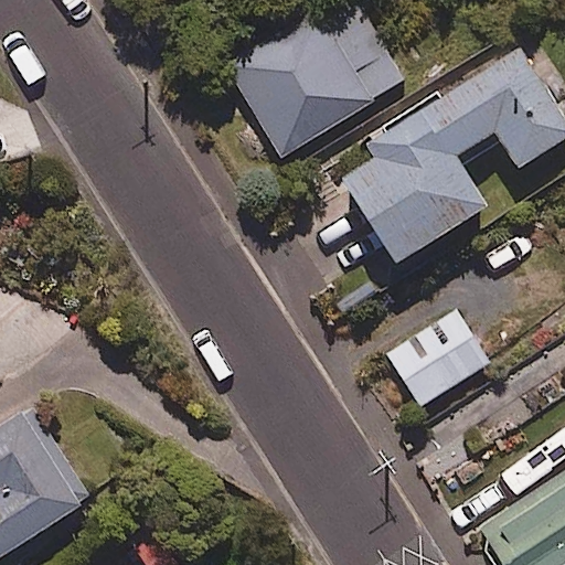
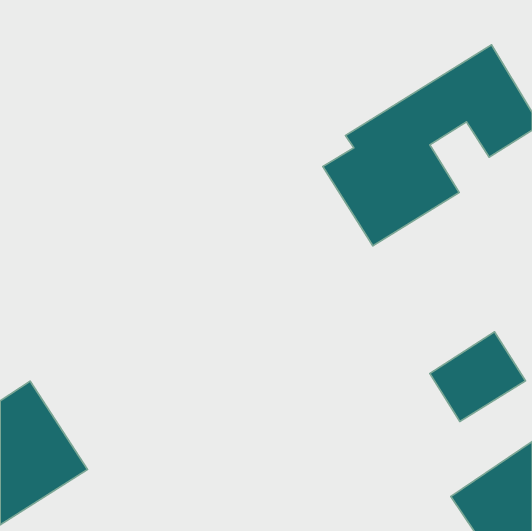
building: [223,7,408,159] -> none
building: [388,311,490,406] -> [430,332,526,422]

